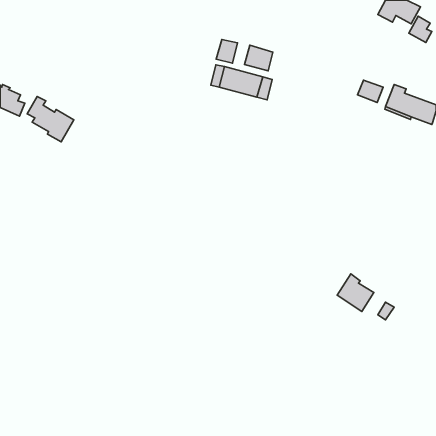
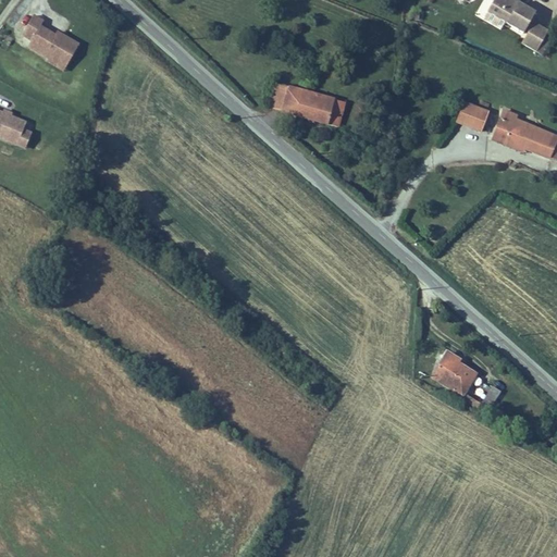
building: [216,39,237,63] -> none
building: [245,45,273,71] -> none
building: [27,97,74,142] -> [20,13,79,71]

